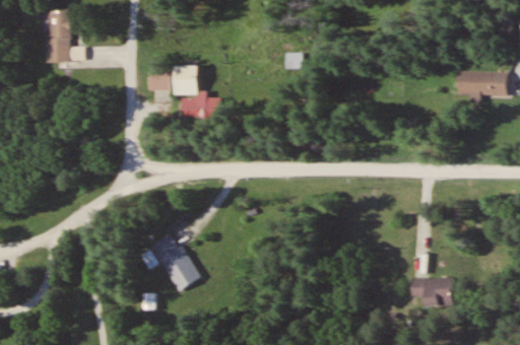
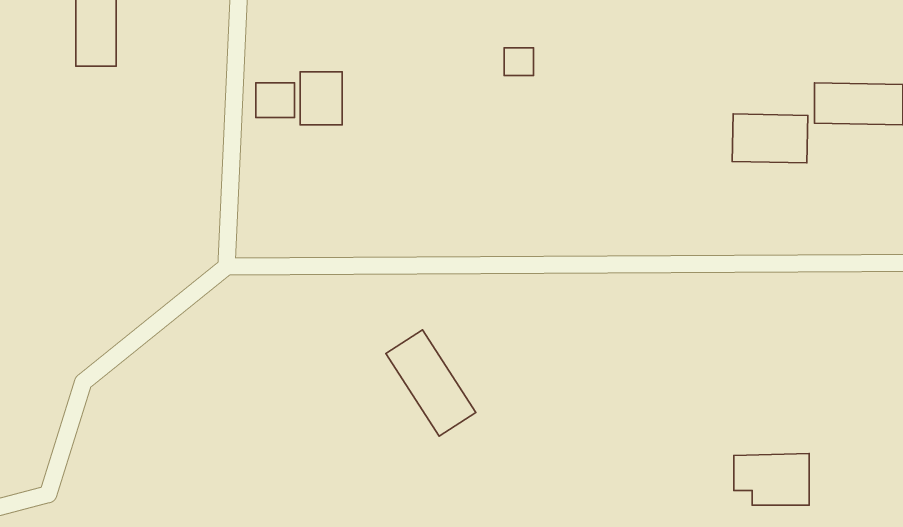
building: none -> [732,114,808,163]
building: [181,97,220,119] -> none
building: [150,232,200,291] -> [386,330,476,436]

